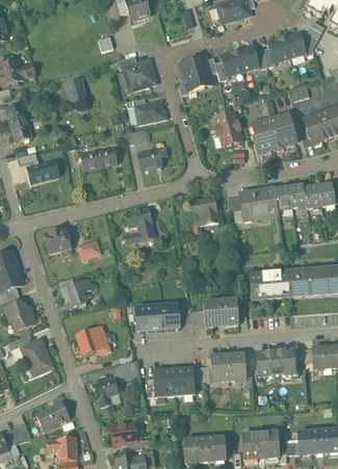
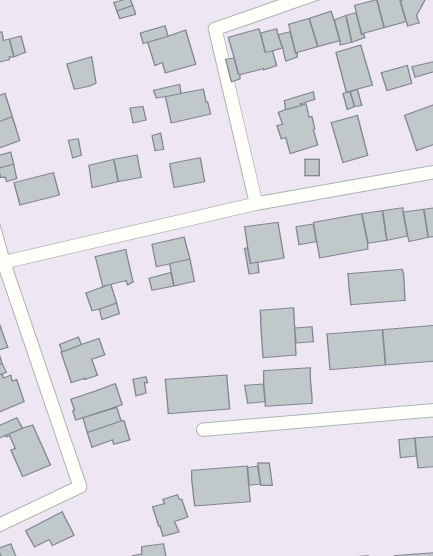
building: [270,113,296,147] -> [336,45,373,92]
building: [44,227,71,253] -> [95,250,133,286]
building: none -> [348,269,405,305]
building: none -> [261,308,296,358]
building: none -> [71,384,122,420]
building: [256,348,295,376] -> none
building: [210,353,245,381] -> none
building: [93,375,118,405] -> [153,495,188,536]

